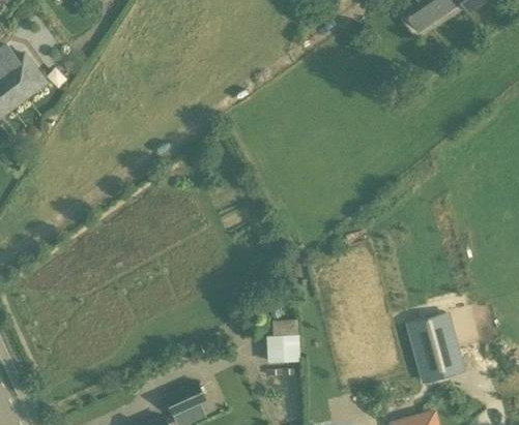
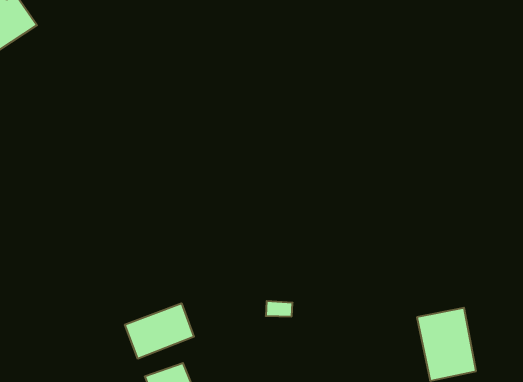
building: none -> [125,303,194,359]
building: [261,335,296,363] -> none

